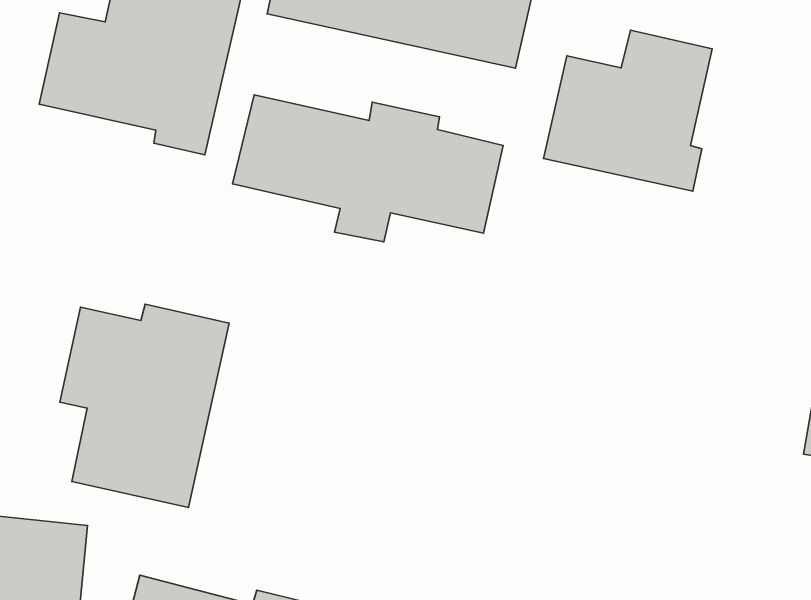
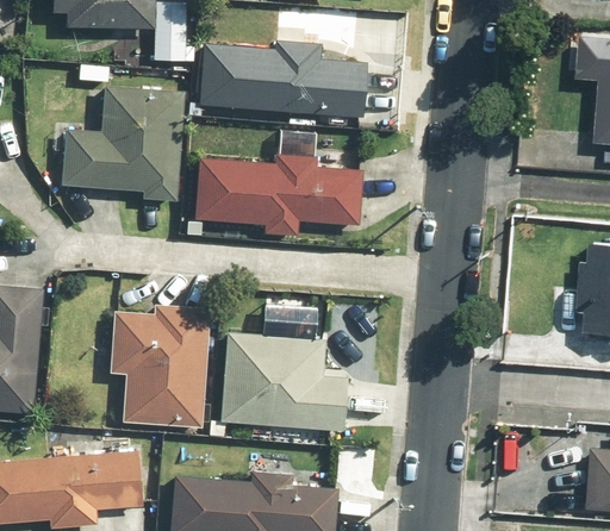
building: [544,30,712,191] -> none
building: none -> [210,331,344,436]

